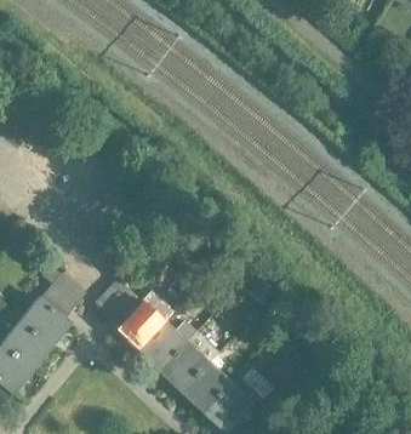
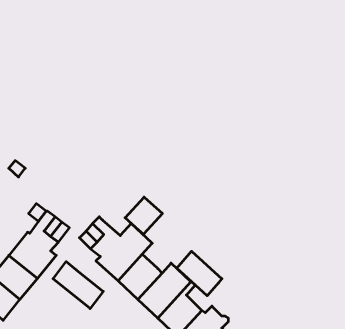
building: none -> [125,197,162,234]
building: none -> [177,251,222,296]
building: none -> [53,262,103,309]

